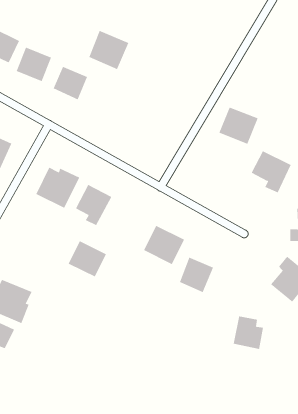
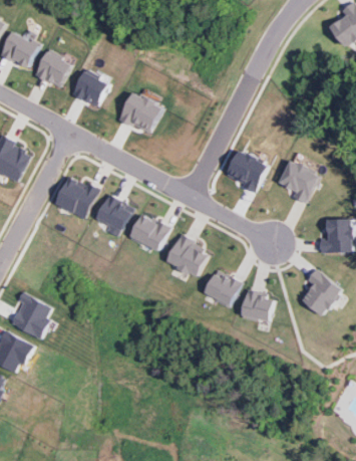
building: [88,30,129,70] -> [120,92,162,134]
building: [219,107,258,144] -> [226,151,267,190]
building: [68,240,107,277] -> [130,213,170,251]
building: [233,316,264,350] -> [240,287,272,322]

